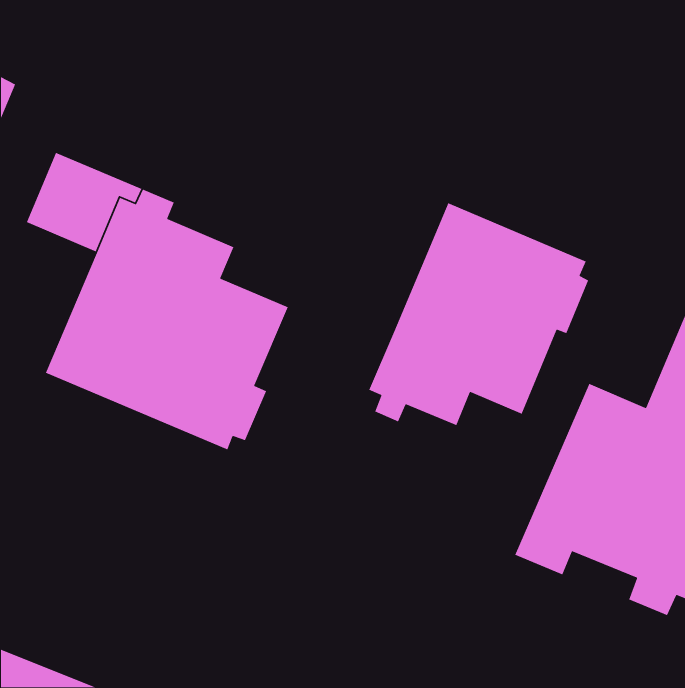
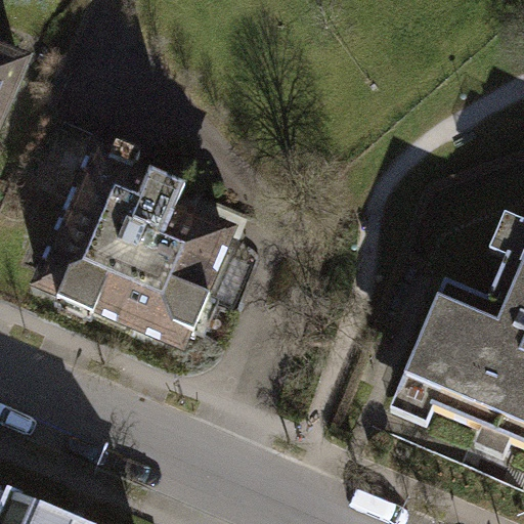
building: [368,202,589,426] -> none

